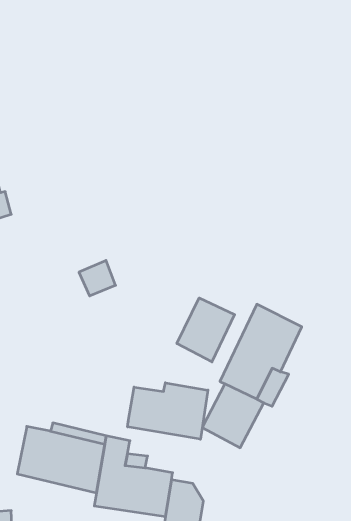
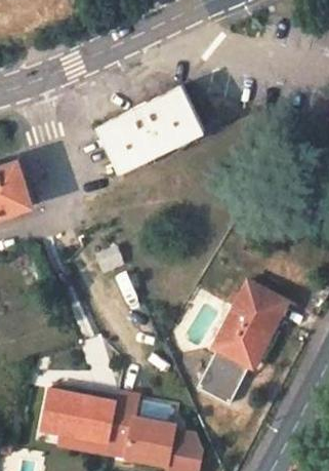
building: none -> [98,89,204,172]
building: [177,298,235,362] -> none
building: [128,383,208,439] -> none

